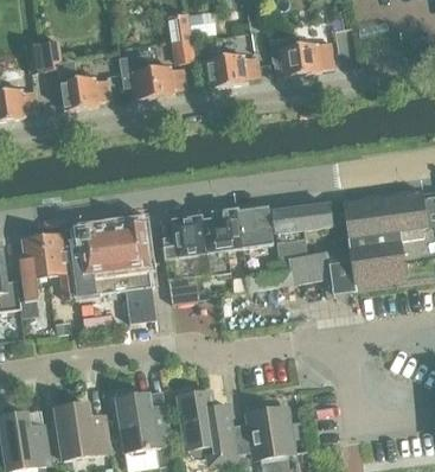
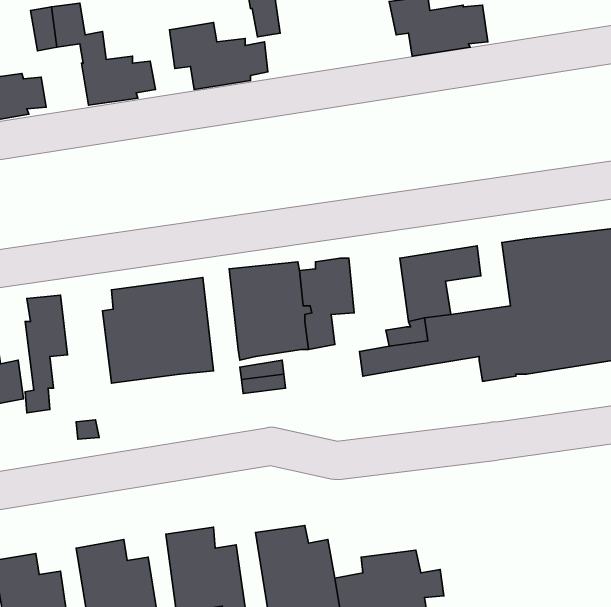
building: [204,52,258,87] -> none
building: [239,208,275,248] -> none
building: [45,234,79,296] -> none
building: [126,287,152,320] -> none

